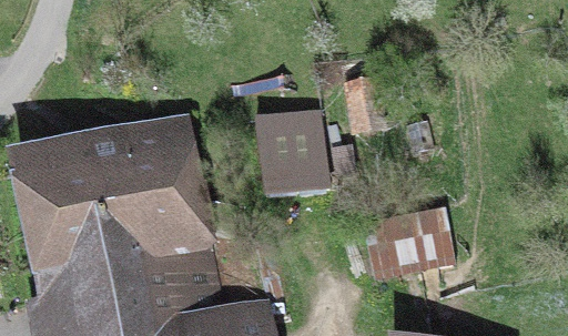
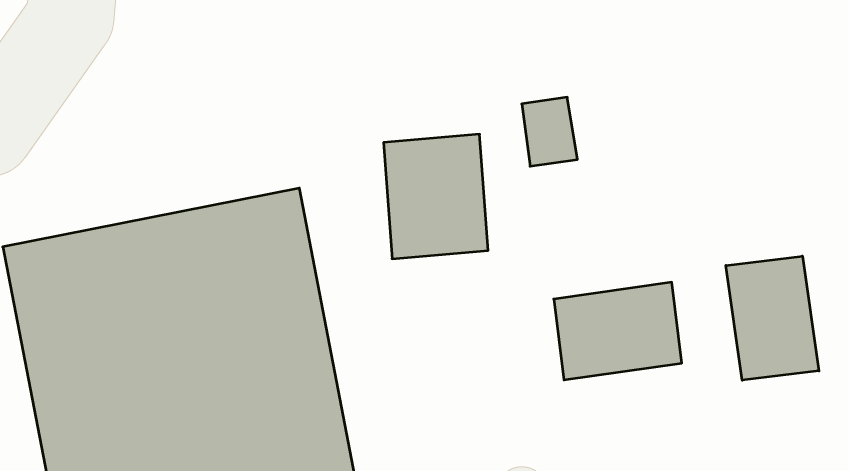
building: none -> [726,256,819,380]

